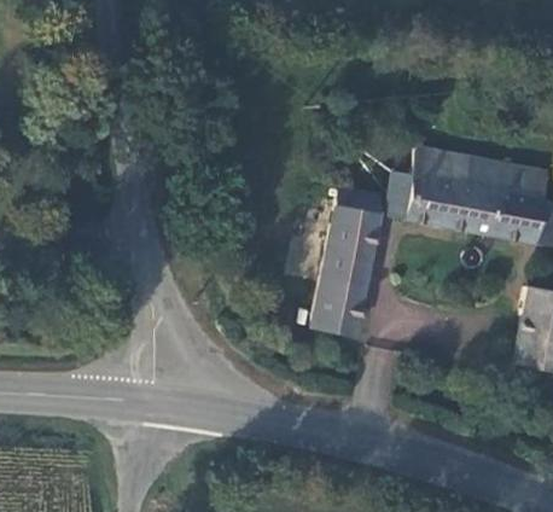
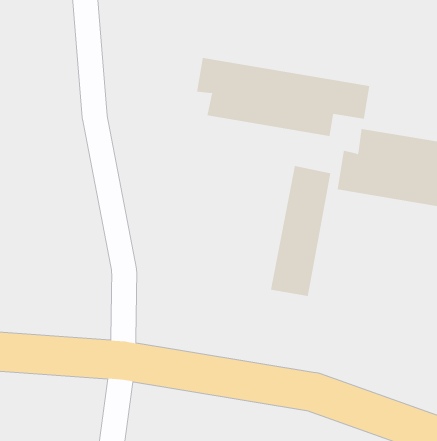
building: none -> [197,57,370,137]

